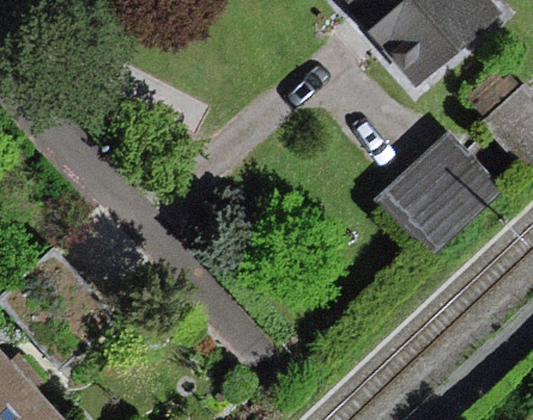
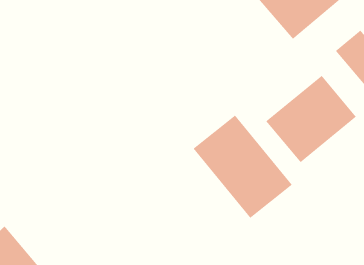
building: none -> [193,114,293,219]

